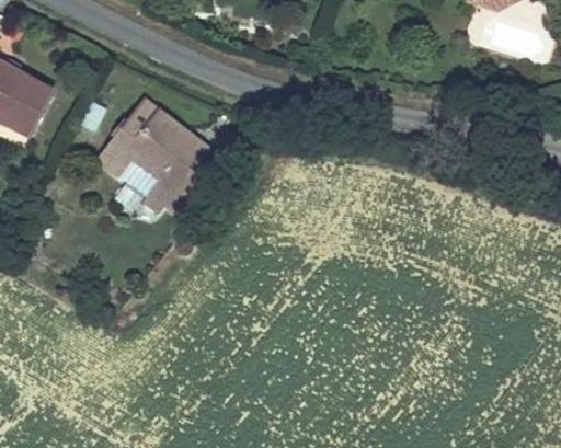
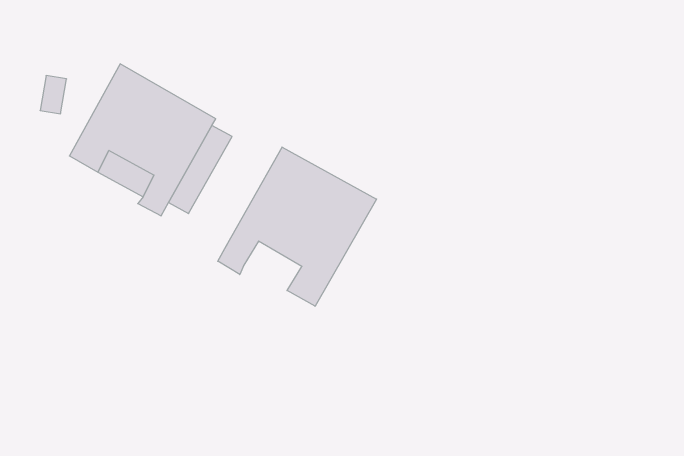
building: none -> [218,147,377,306]

